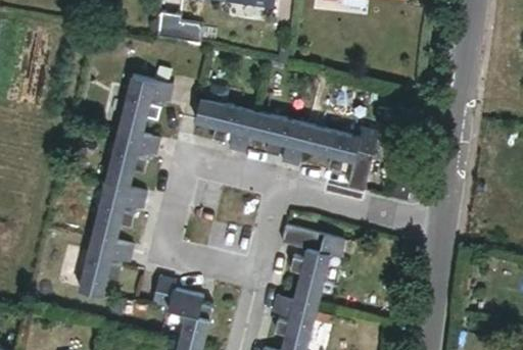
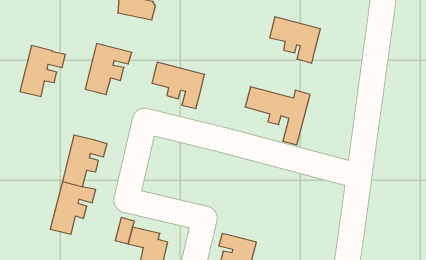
building: [251,109,311,163] -> [270,17,320,63]
building: [105,127,158,186] -> [20,46,66,97]
building: [282,222,344,304] -> none

